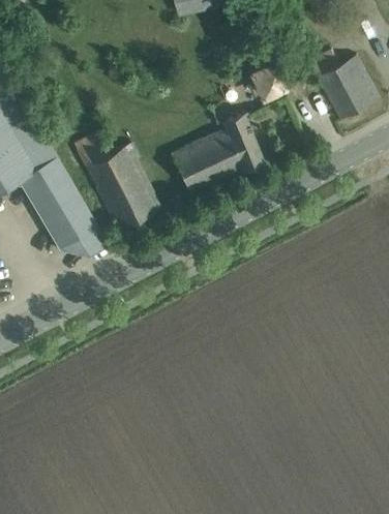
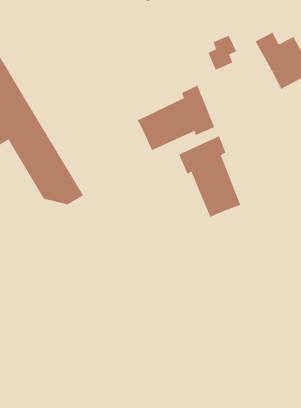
building: [72,131,159,231] -> none
building: none -> [178,135,242,218]

